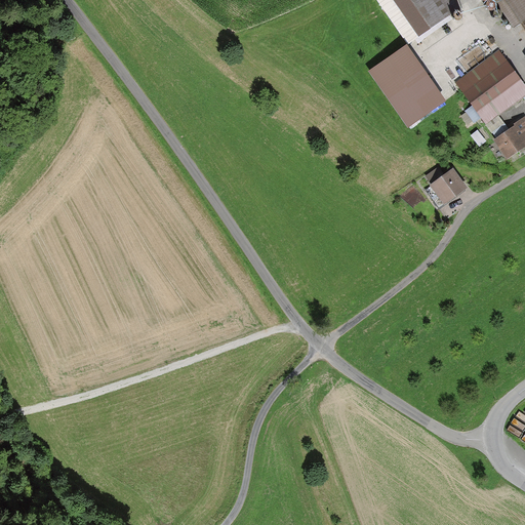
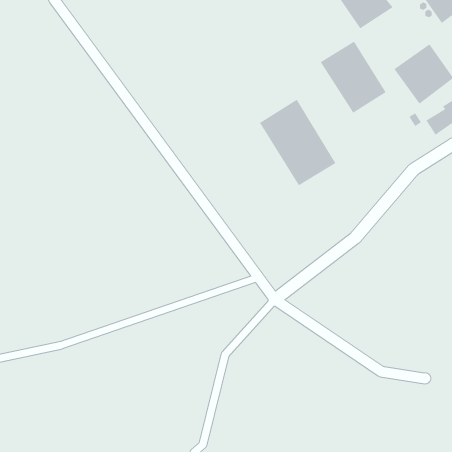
building: none -> [259,99,336,186]
building: [425,166,465,203] -> none

